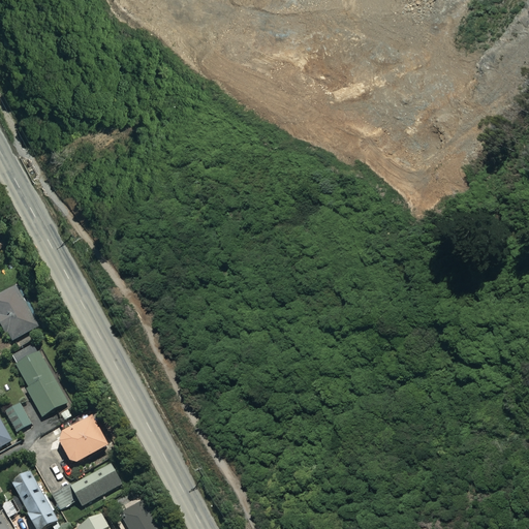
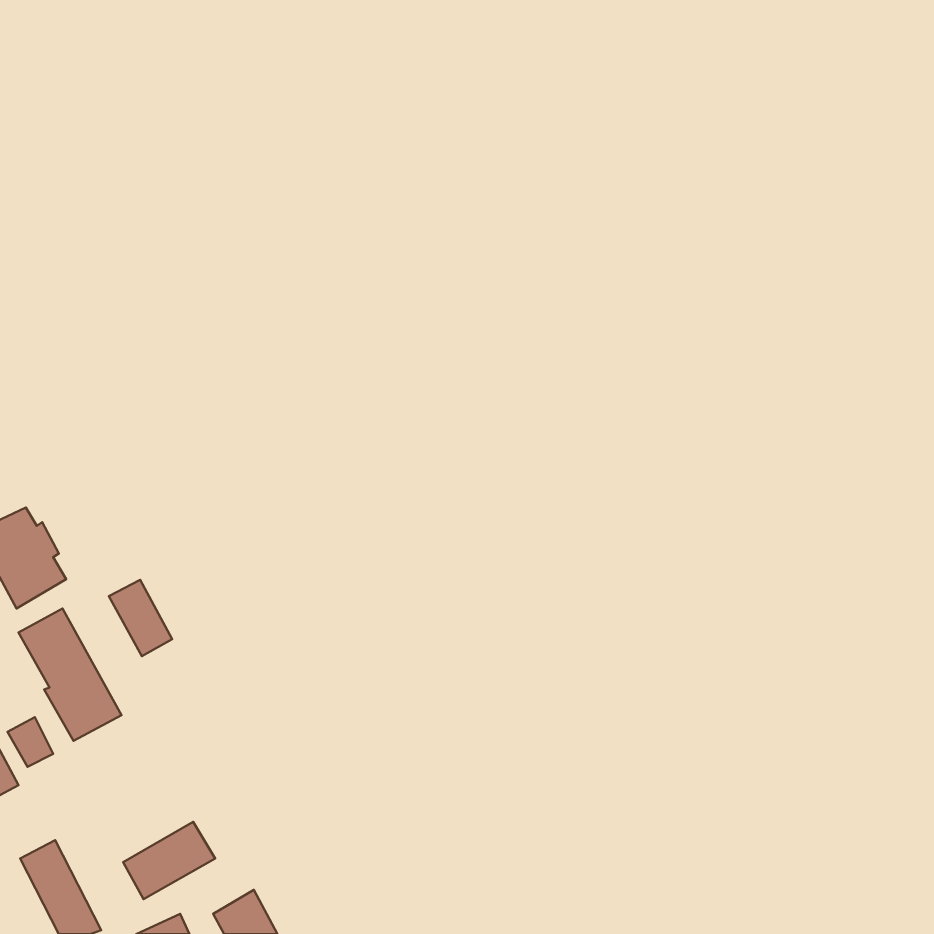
building: none -> [109,580,172,656]
building: [59,416,108,465] -> none

